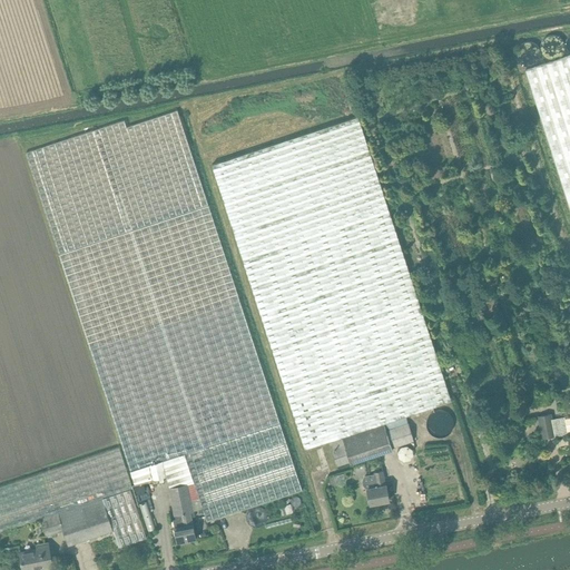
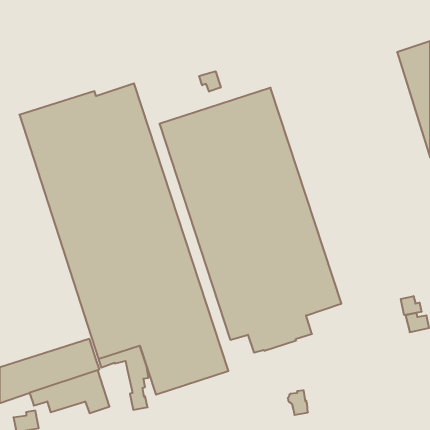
building: none -> [199,71,221,92]
building: none -> [401,296,421,315]
building: [361,472,387,504] -> [288,390,308,415]

